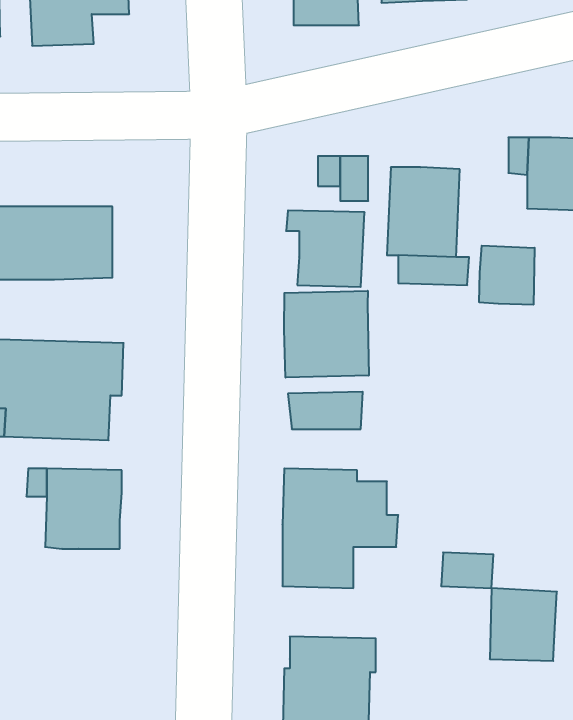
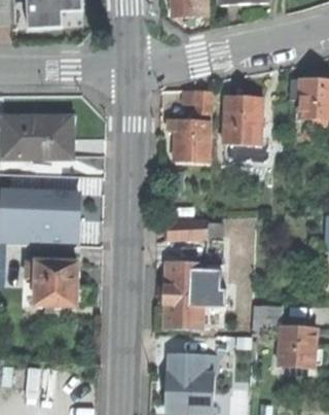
building: [479,246,535,305] -> none
building: [284,291,369,378] -> none

